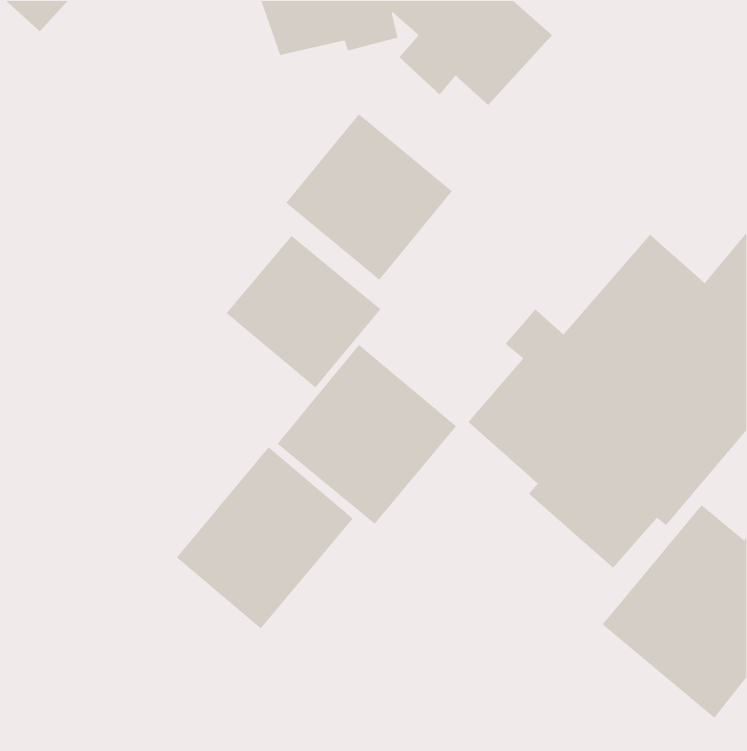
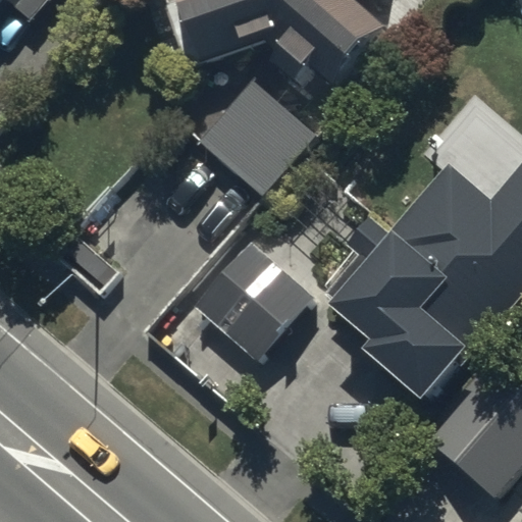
building: [225,235,382,389] -> none
building: [176,446,354,629] -> none

